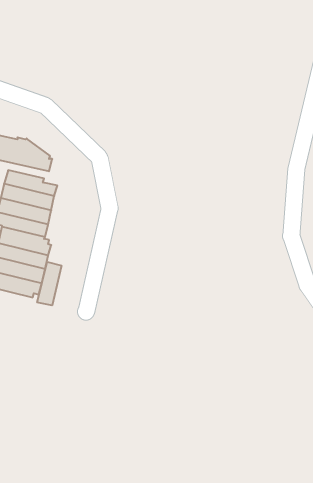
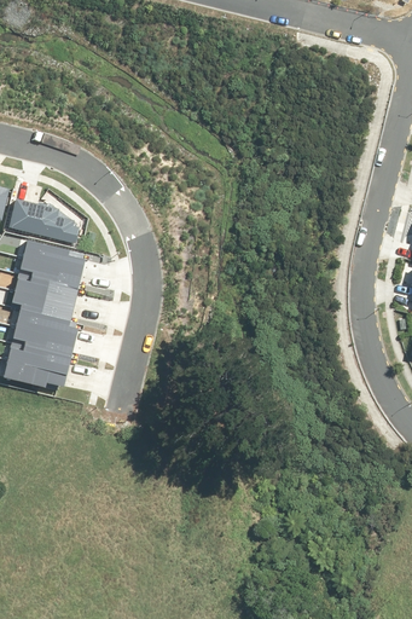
building: [37,262,61,305] -> none

